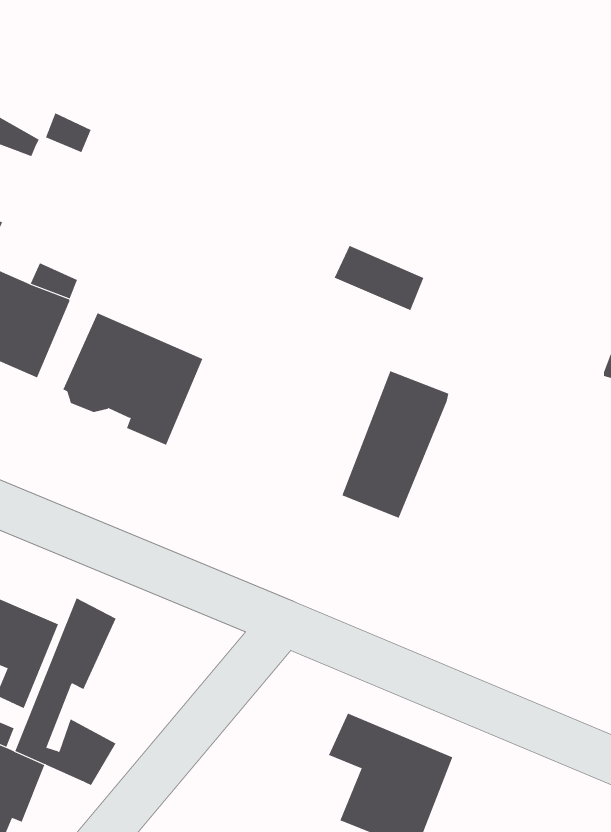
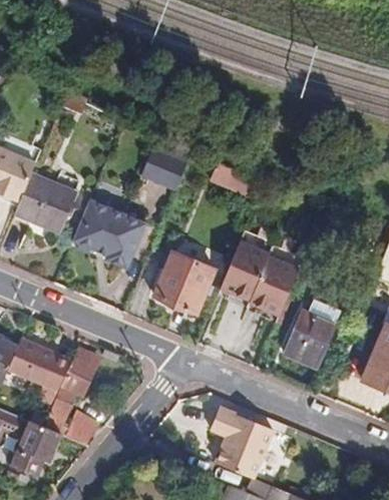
building: none -> [143,145,189,187]
building: none -> [246,244,303,322]
building: none -> [153,252,215,314]
building: none -> [284,296,341,369]

